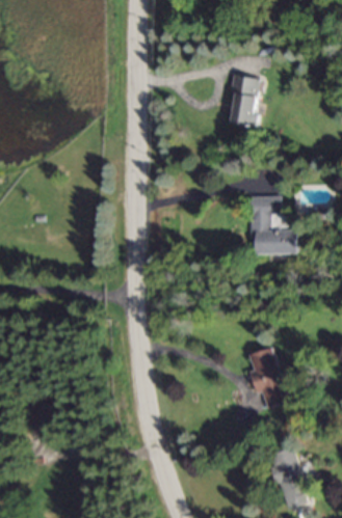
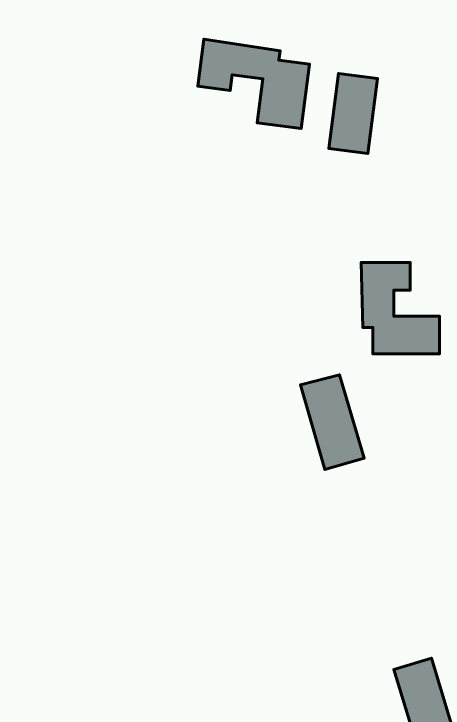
building: none -> [198,39,309,128]
building: [246,349,287,409] -> [300,375,364,469]

